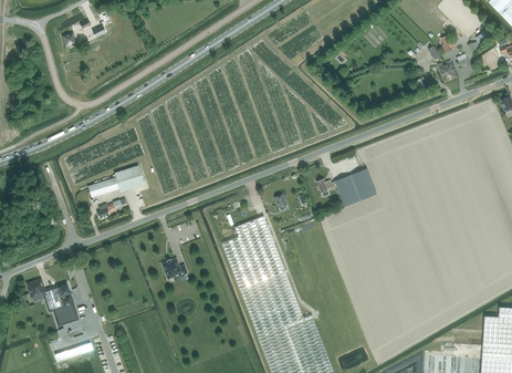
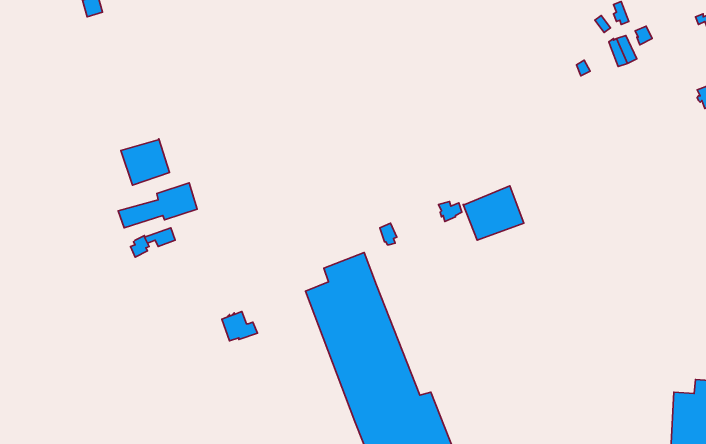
building: none -> [121,139,170,185]
building: [27,278,80,328] -> none

